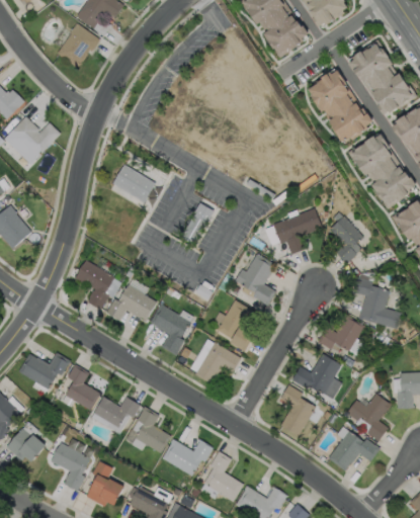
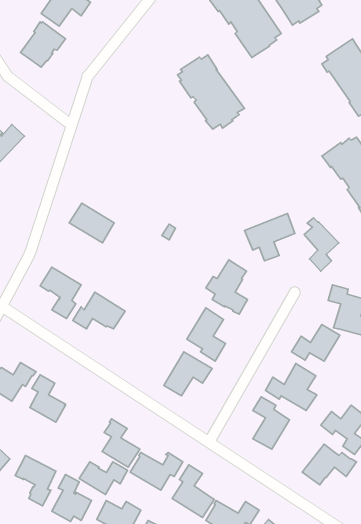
building: [308,70,372,142] -> [177,55,244,129]
building: [111,164,155,202] -> [69,203,114,243]
building: [150,304,190,355] -> none
building: [93,397,140,428] -> [79,462,127,494]

